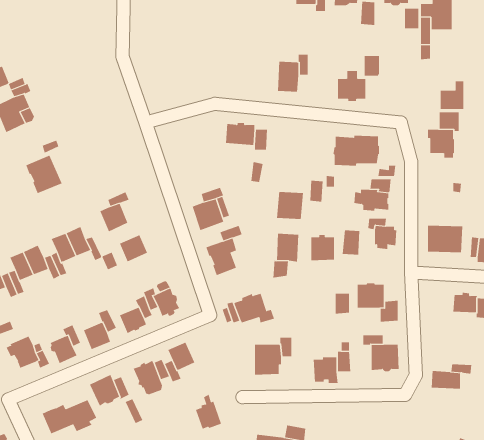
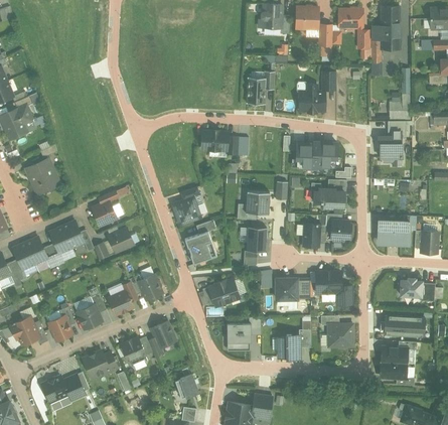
building: [310,234,335,261] -> [276,276,297,299]
building: none -> [386,316,422,335]
building: none -> [380,362,407,378]

